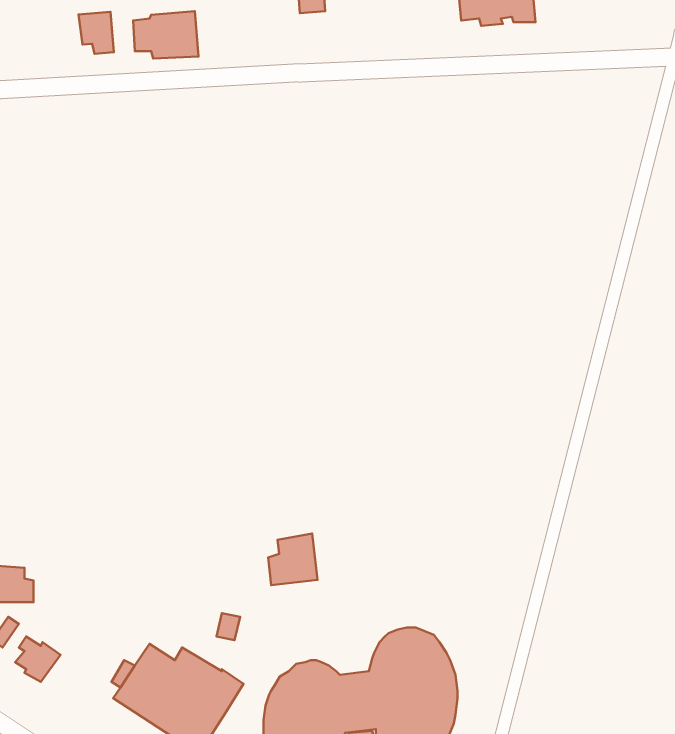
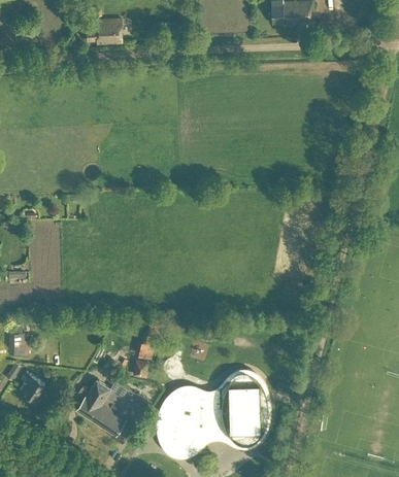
building: [78,12,114,54] -> none
building: [268,533,318,585] -> none

